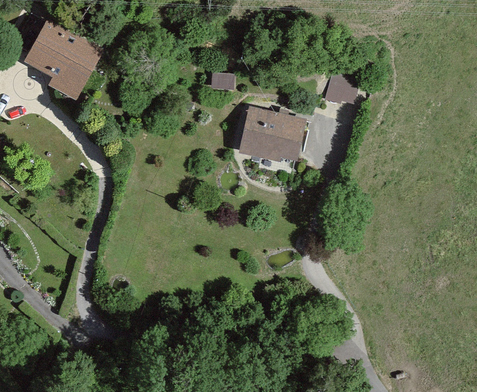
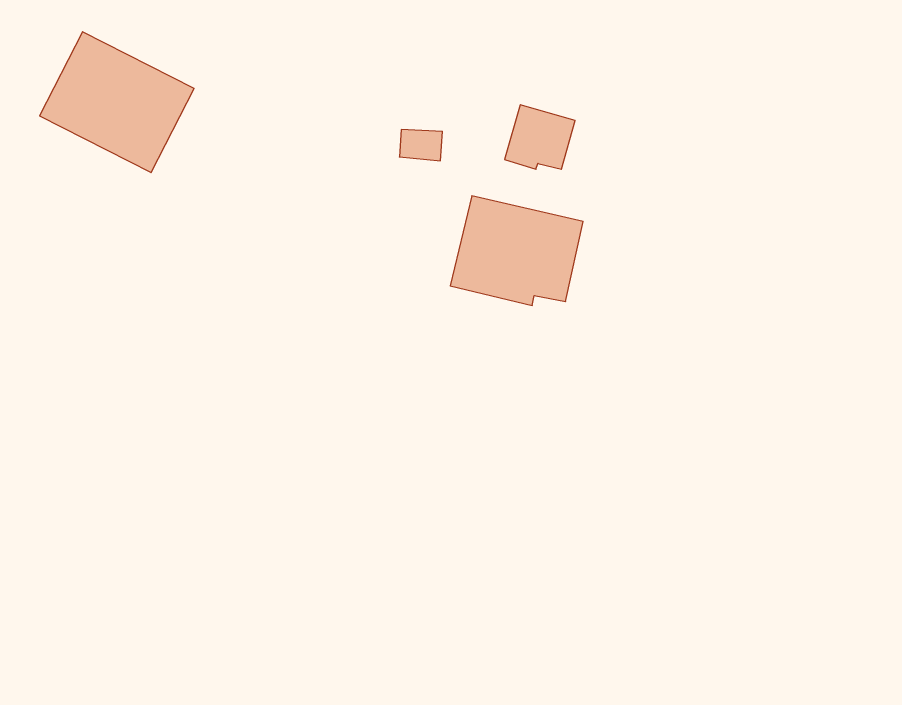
building: [321,70,357,103] -> [505,105,575,169]

